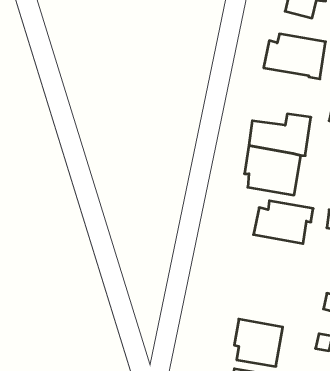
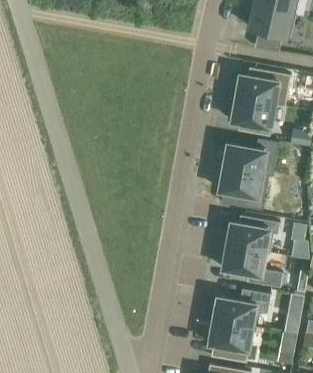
building: none -> [230,97,274,135]
building: none -> [221,245,281,287]
building: none -> [212,288,269,327]

